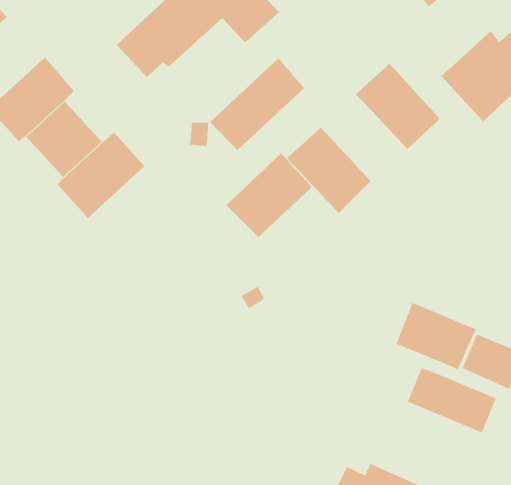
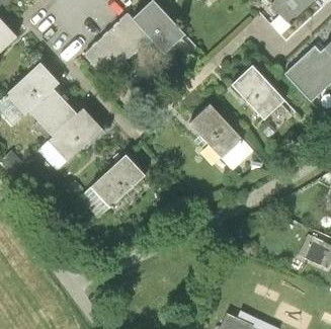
building: [209,57,305,151] -> none
building: [226,153,312,238] -> [90,155,144,208]
building: [396,302,477,370] -> none
building: [407,367,496,433] -> none

